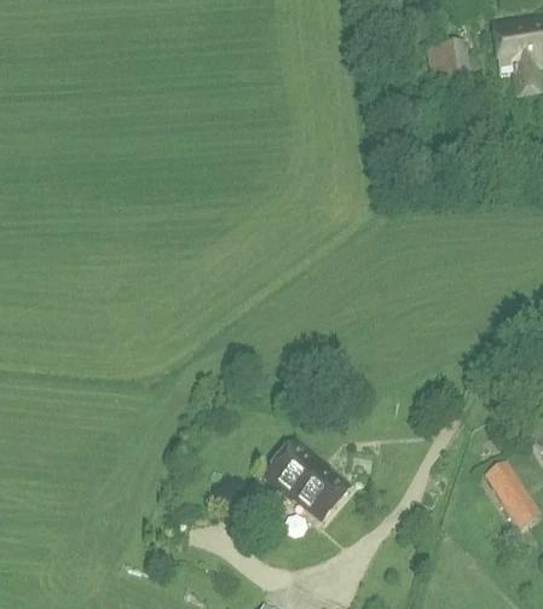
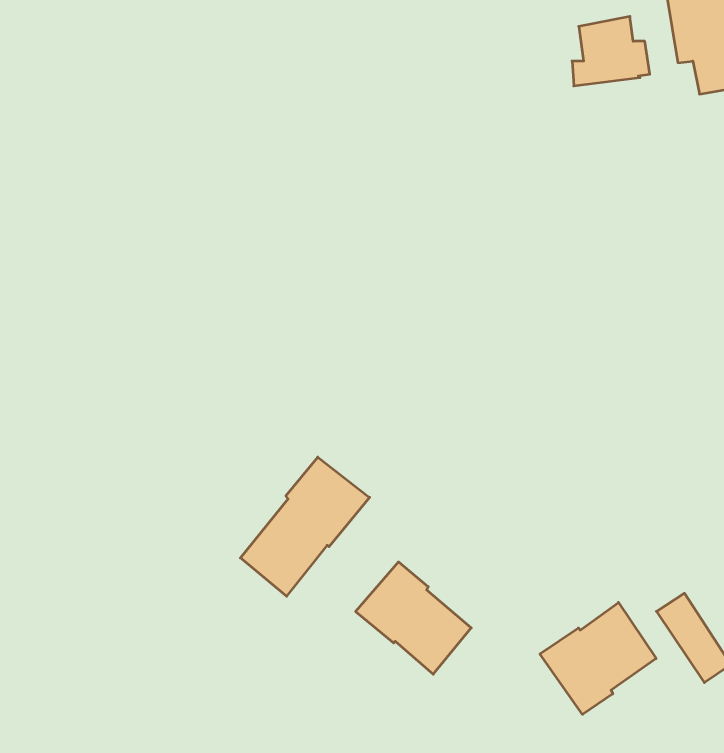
building: none -> [240,457,370,596]
building: none -> [540,602,656,714]

